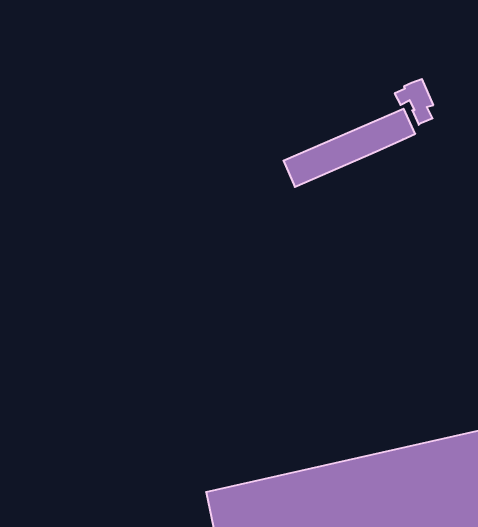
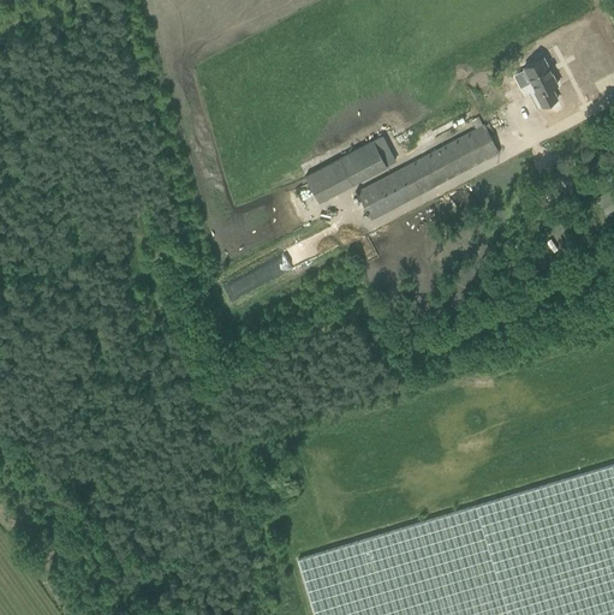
building: [395,79,433,125] -> [514,58,558,108]
building: none -> [305,141,387,202]

